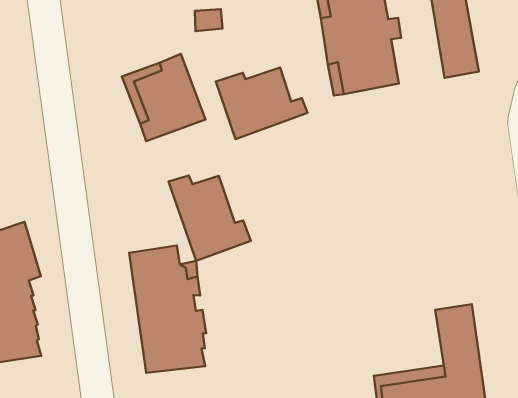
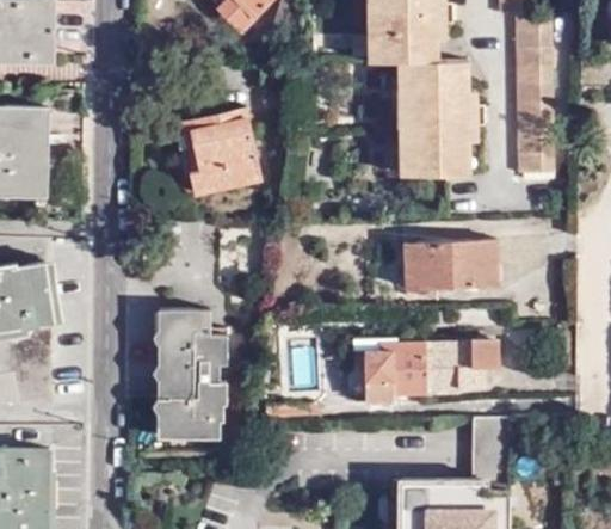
building: [216,67,308,139] -> none
building: none -> [412,239,499,290]
building: [168,176,251,261] -> none
building: none -> [351,337,499,405]

